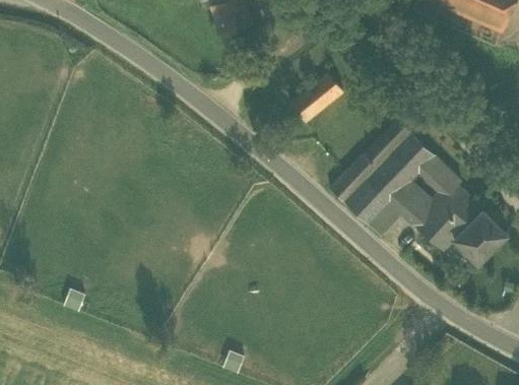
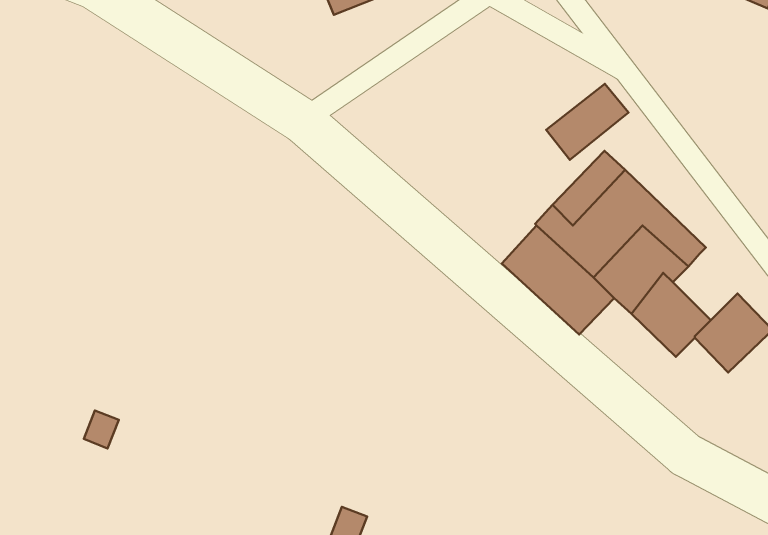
building: [291,74,344,123] -> [546,84,628,160]
building: [442,187,483,230] -> none

